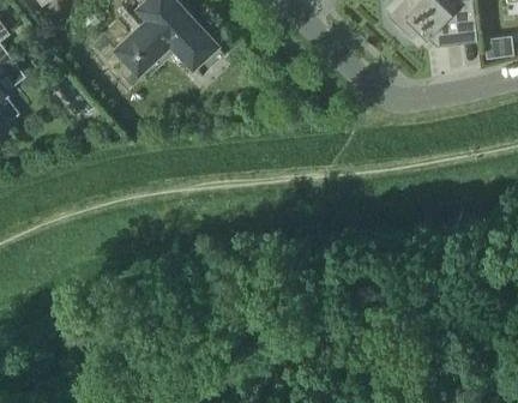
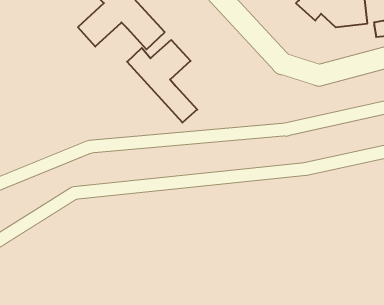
building: none -> [127,40,197,123]

